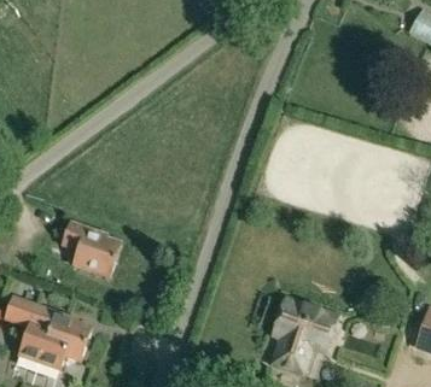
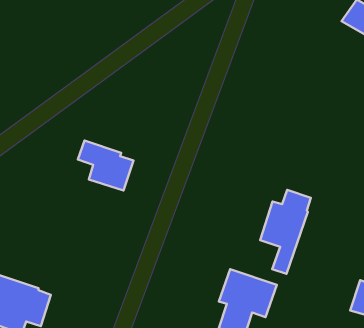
building: none -> [260,190,311,274]
building: [60,223,121,277] -> [78,140,133,191]

